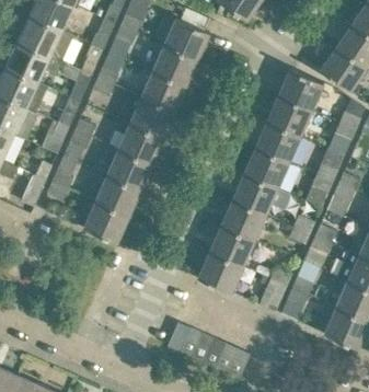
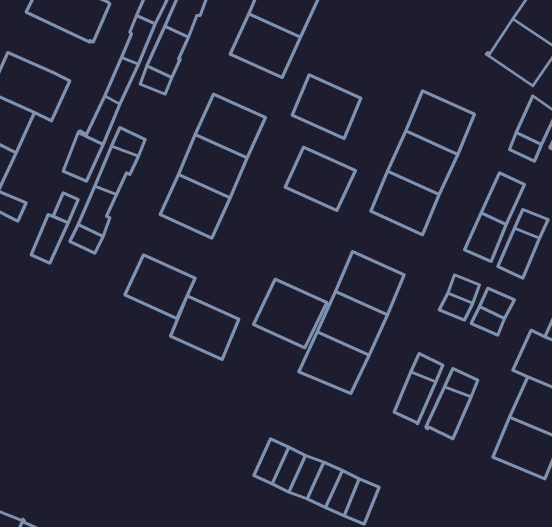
building: [7,42,60,81] -> none
building: [278,67,324,108] -> none
building: [141,69,186,111] -> [292,75,361,138]
building: [232,172,278,214] -> [285,147,355,211]
building: [95,174,140,216] -> [170,296,239,359]
building: none -> [253,279,327,348]

